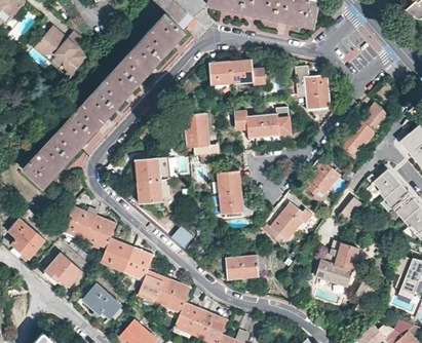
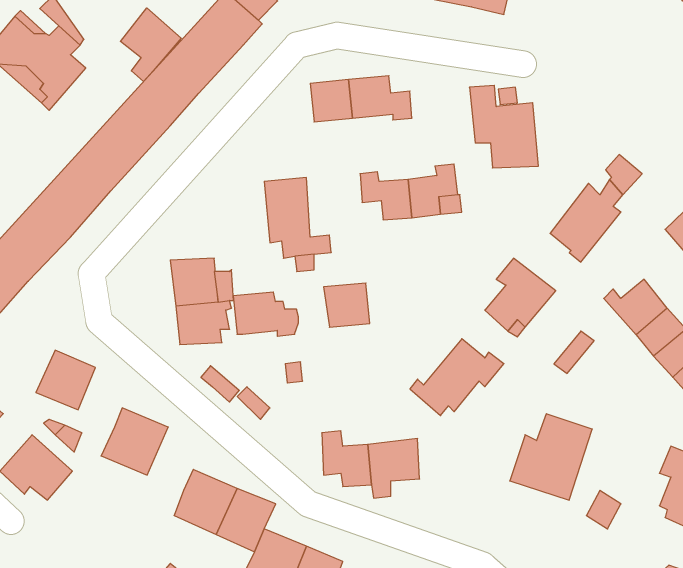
building: none -> [120,8,181,81]
building: [220,192,255,216] -> [233,292,298,336]
building: [85,216,115,249] -> none
building: [122,247,154,281] -> none
building: [82,283,120,317] -> none

